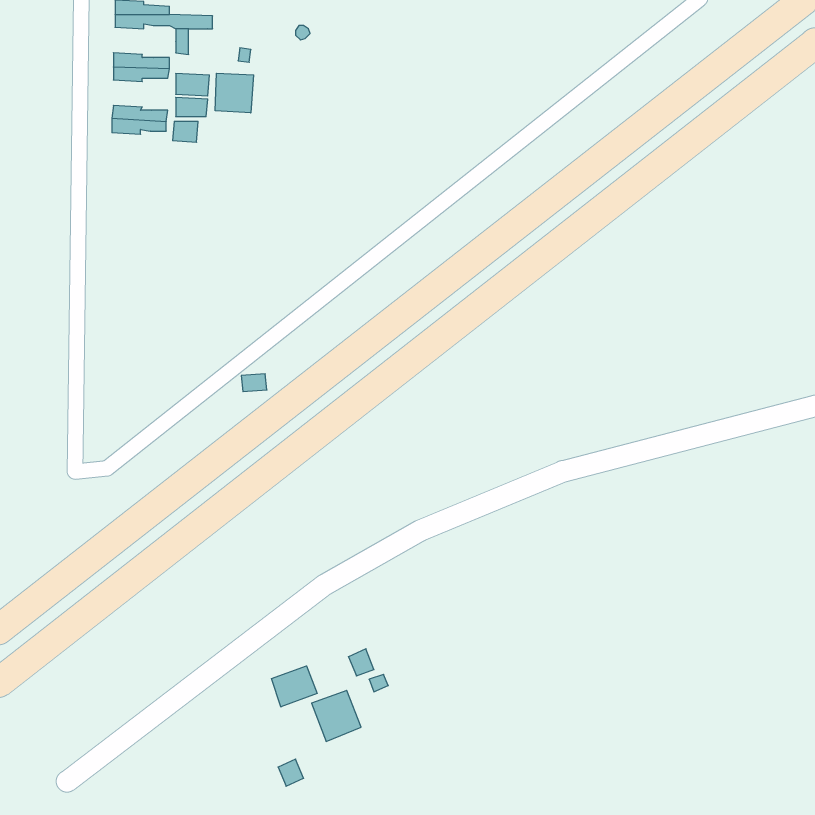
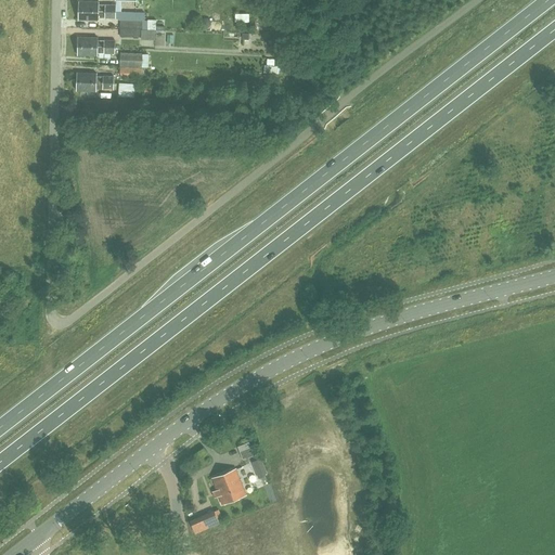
building: [215,73,254,113] -> none
building: [272,666,317,707] -> none

